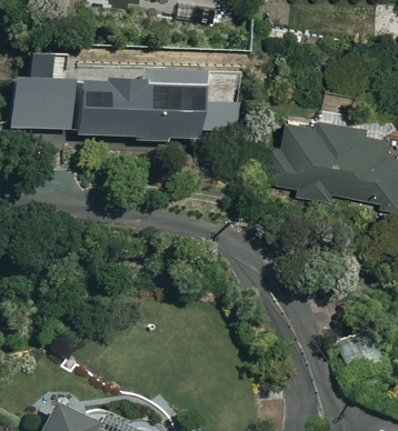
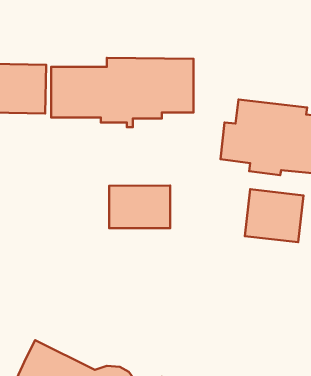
building: none -> [109,186,170,228]
building: none -> [245,189,303,242]

